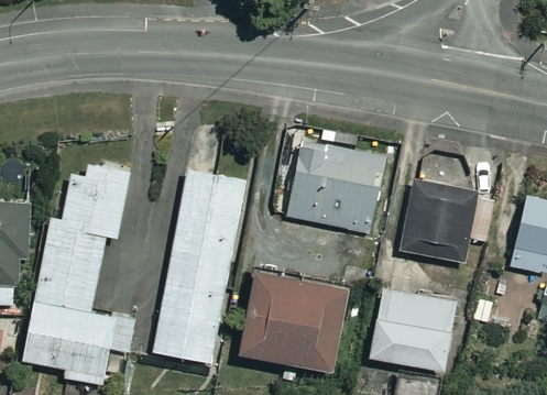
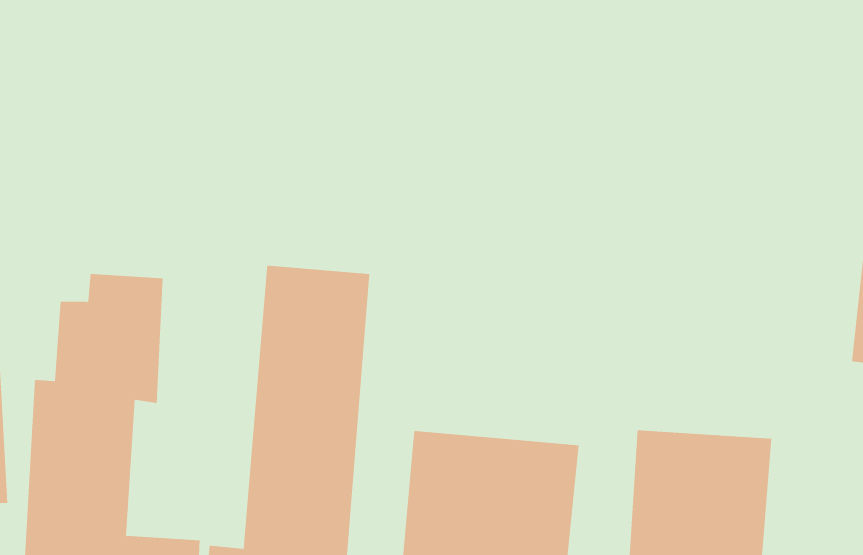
building: [284,142,382,231] -> none
building: [397,179,477,263] -> none

